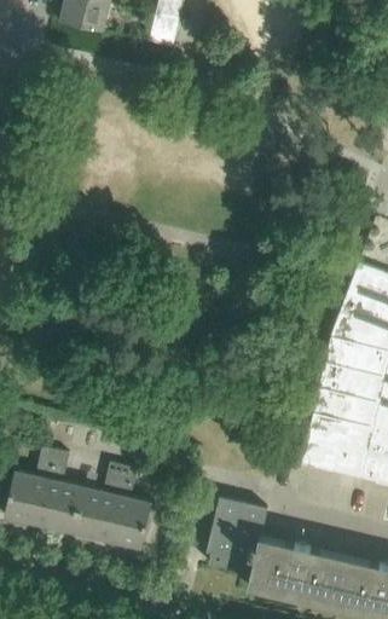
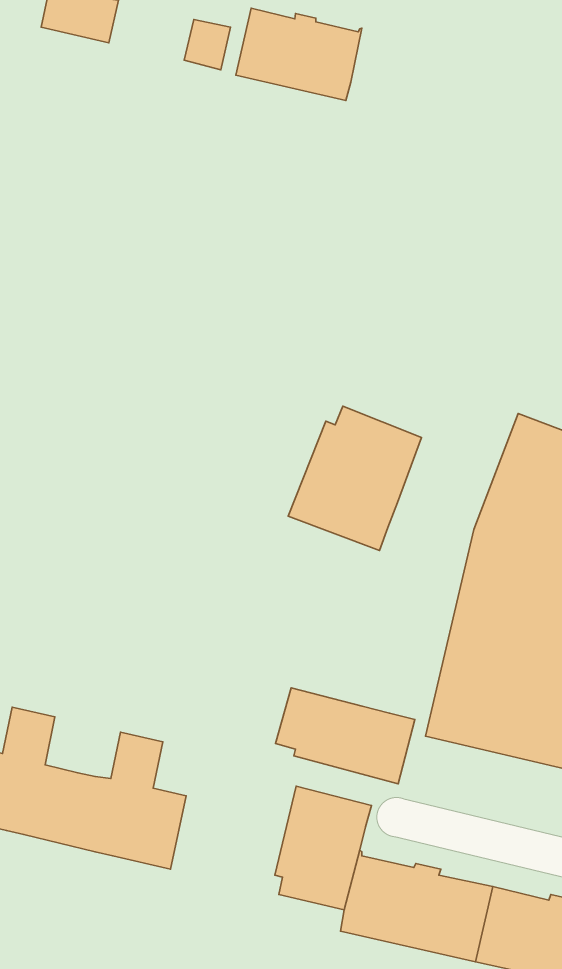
building: none -> [236,8,362,101]
building: none -> [288,406,422,551]
building: none -> [275,688,415,784]

